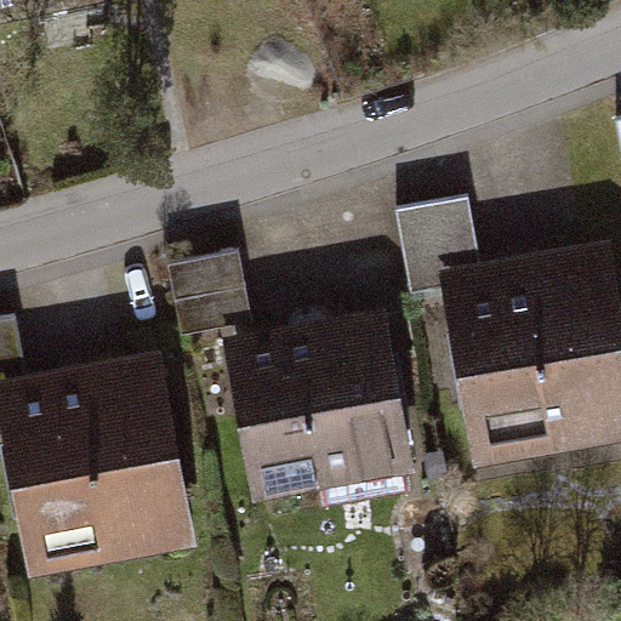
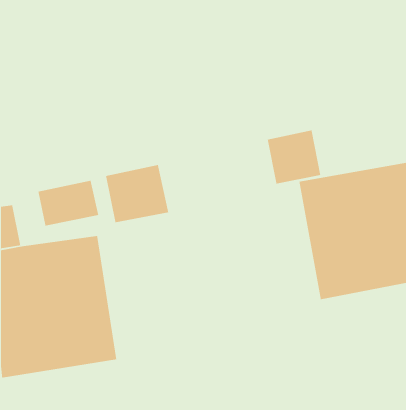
building: none -> [37,180,99,226]
building: [200,318,409,507] -> none

